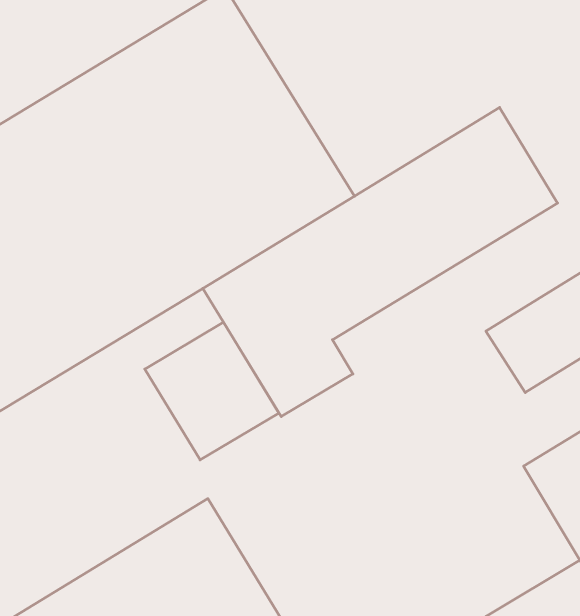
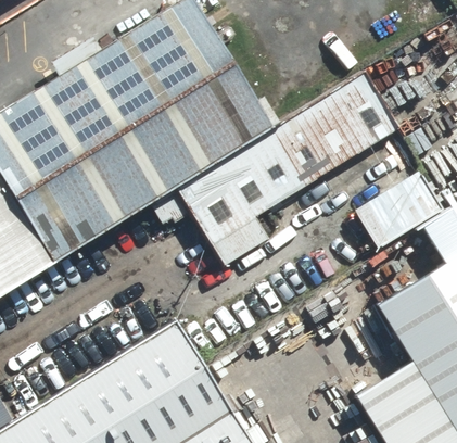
building: [145,322,279,460] -> none

